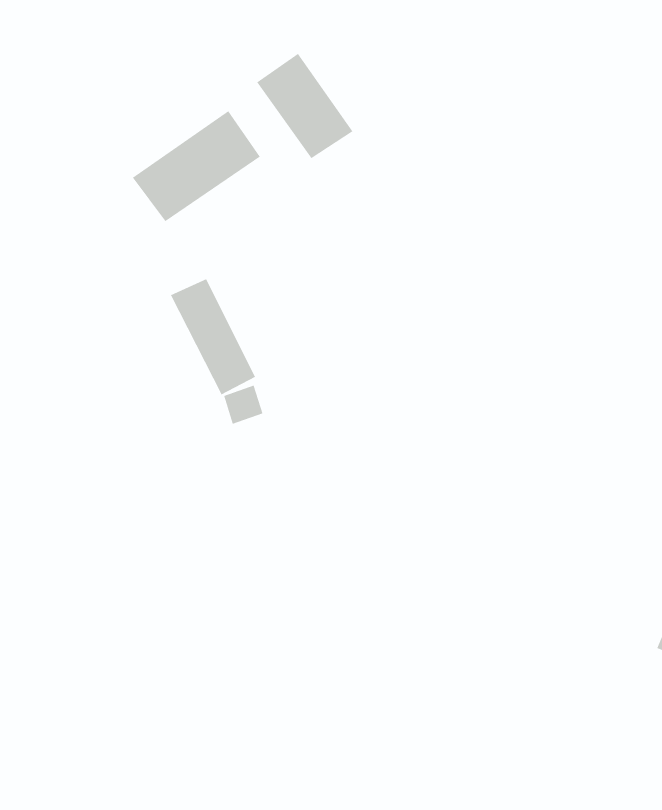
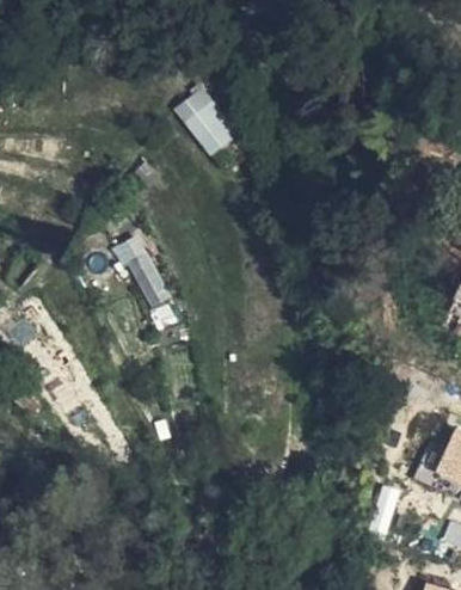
building: [132,110,261,222] -> none

